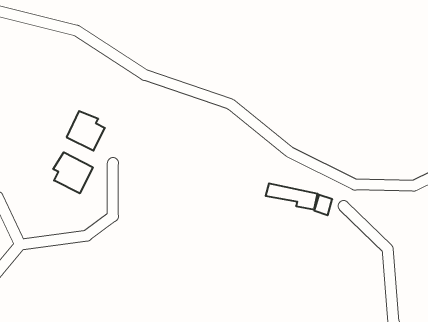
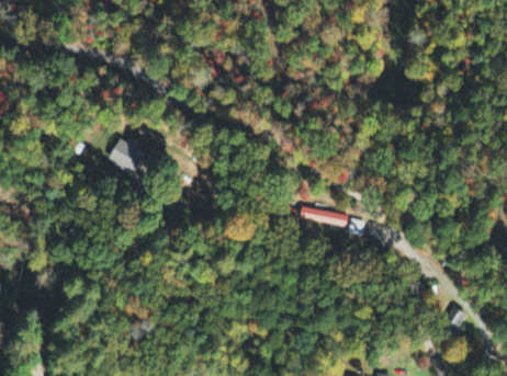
building: [53,152,93,193] -> none

